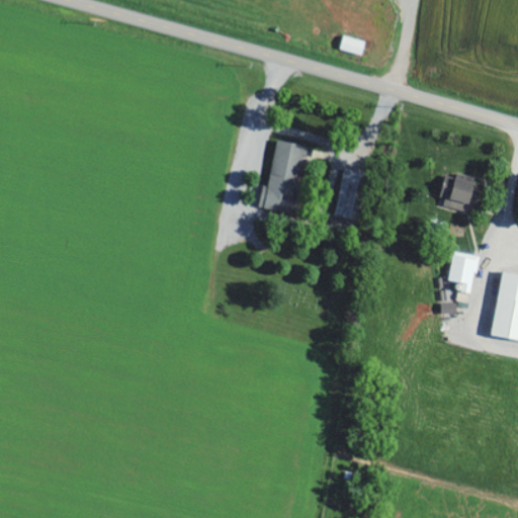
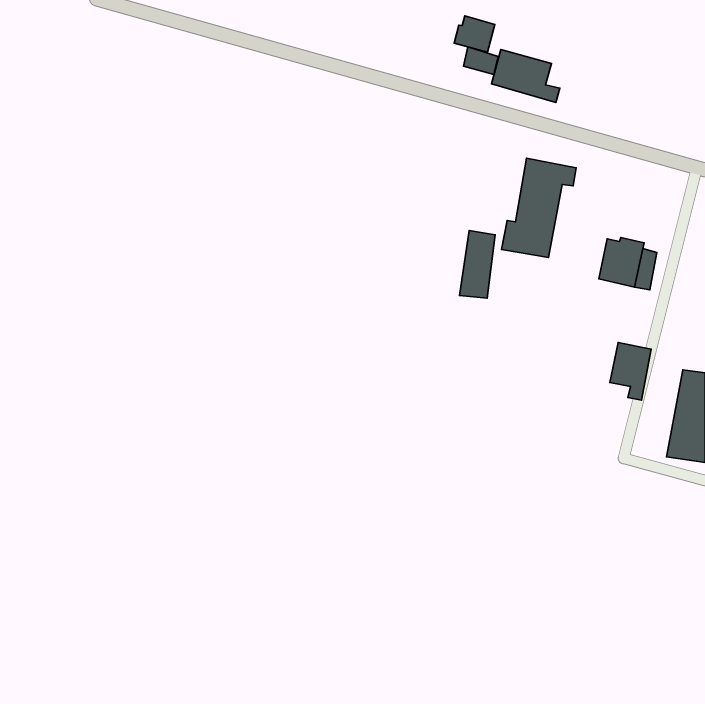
building: none -> [454,16,495,52]
building: none -> [491,49,560,102]
building: [258,140,313,212] -> [502,158,576,258]

